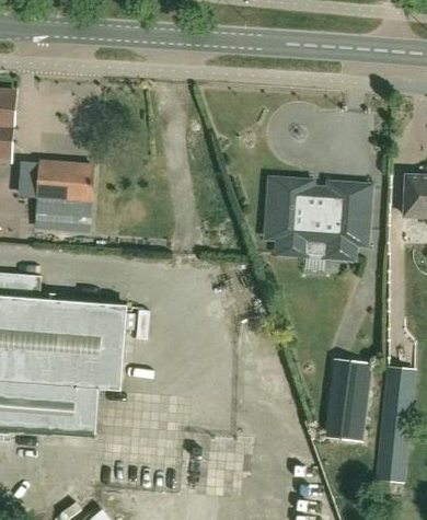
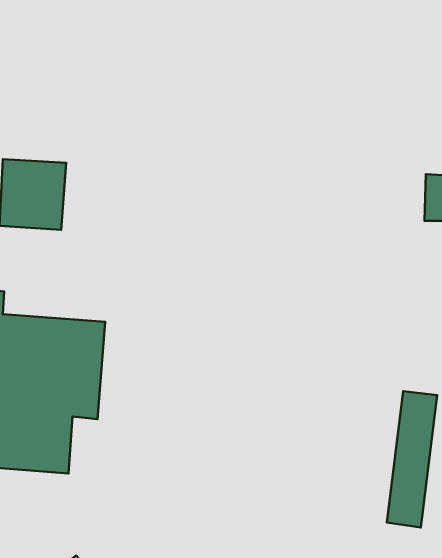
building: [266,180,370,258] -> none
building: [323,358,371,442] -> none

